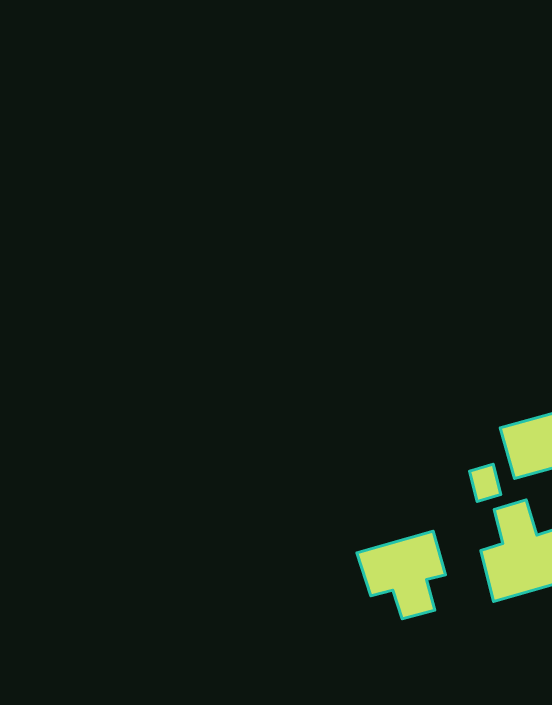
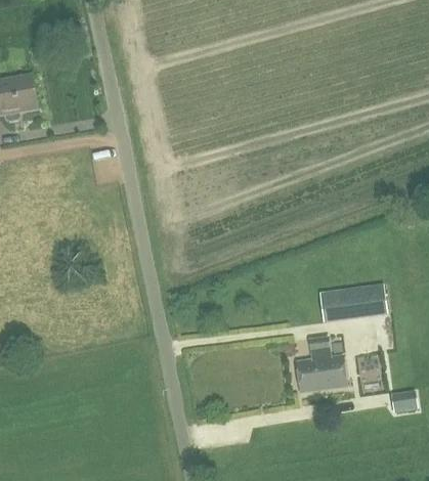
building: [357,531,445,619] -> none

